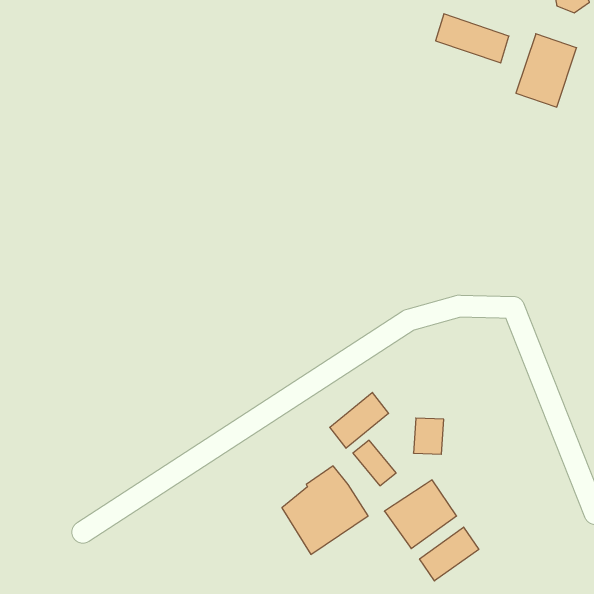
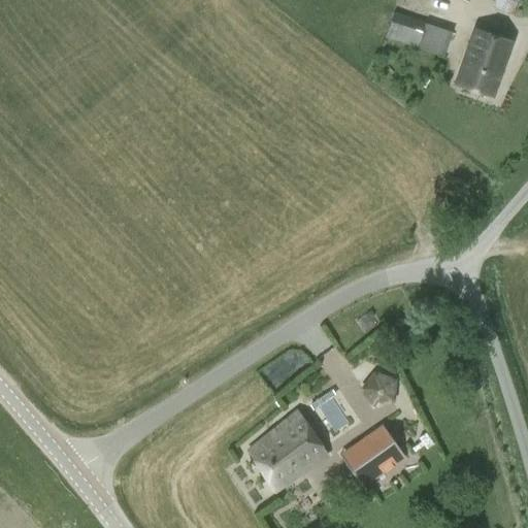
building: [330,392,389,448] -> none
building: [420,527,479,581] -> none

